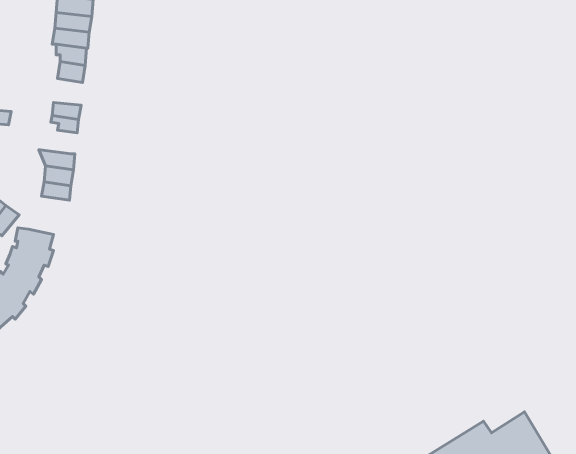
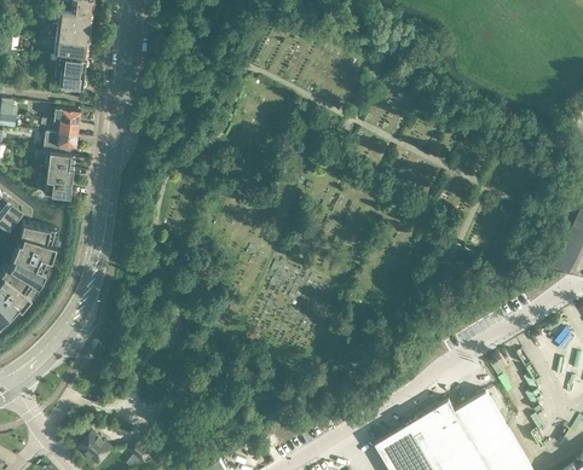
building: none -> [42,133,76,157]

